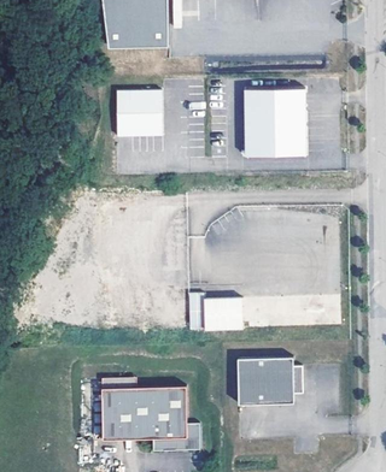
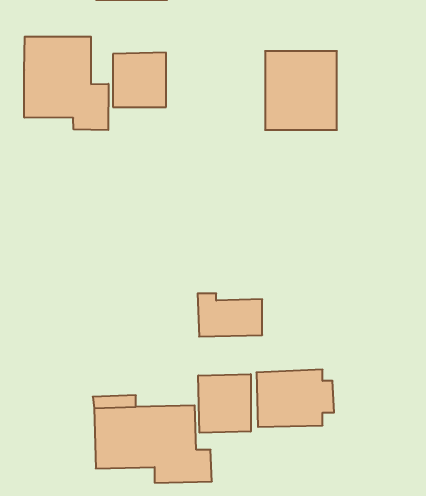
building: none -> [24,37,108,130]
building: none -> [198,374,251,433]

